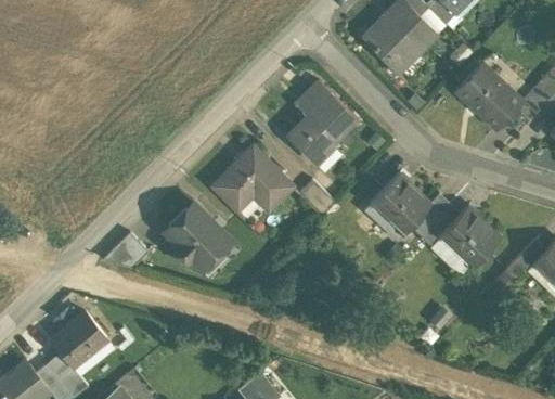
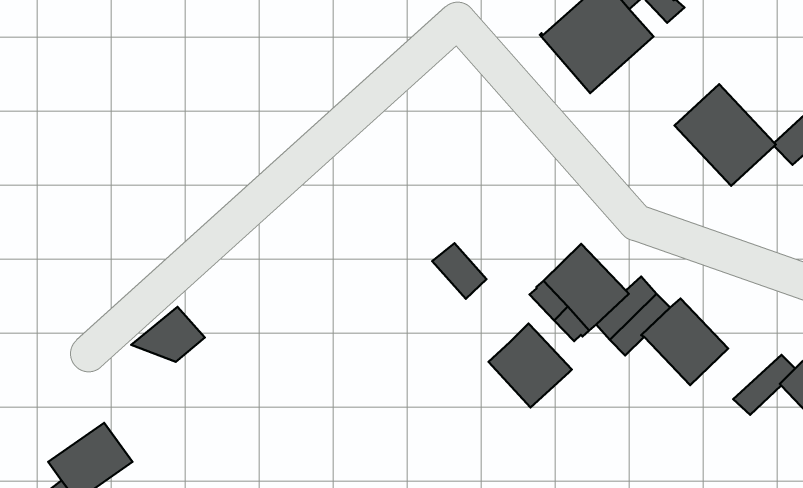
building: [287,80,357,162] -> none
building: [214,145,292,208] -> none
building: [166,204,230,270] -> none
building: none -> [489,323,572,408]

